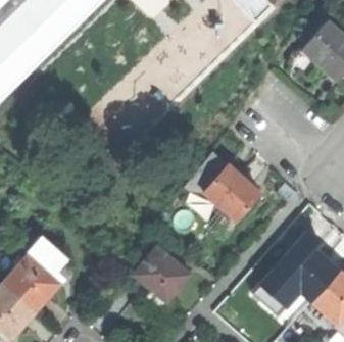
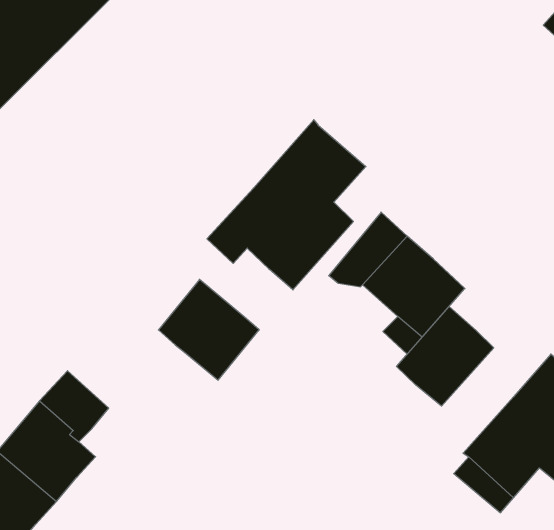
building: none -> [207,120,366,290]
building: none -> [397,306,494,406]
building: [135,245,190,300] -> [158,279,259,380]

